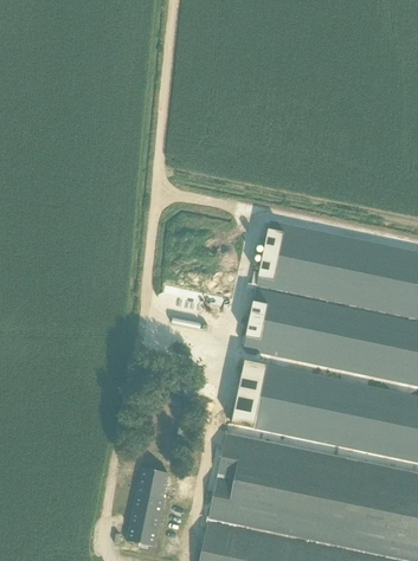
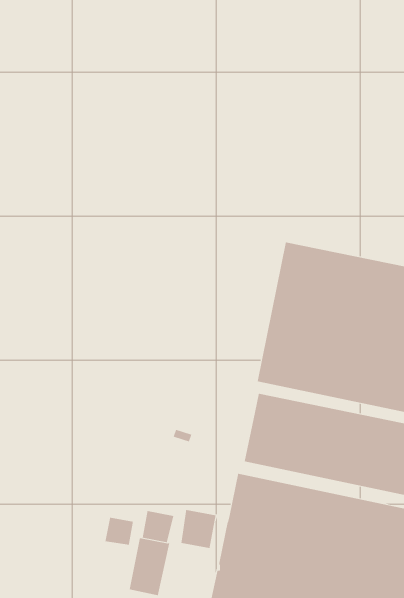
building: none -> [181,509,216,549]
building: none -> [105,517,134,545]

